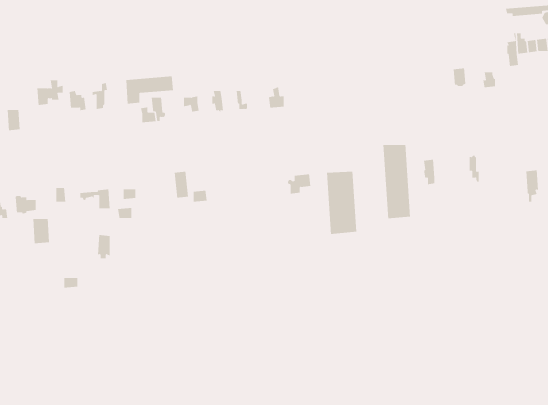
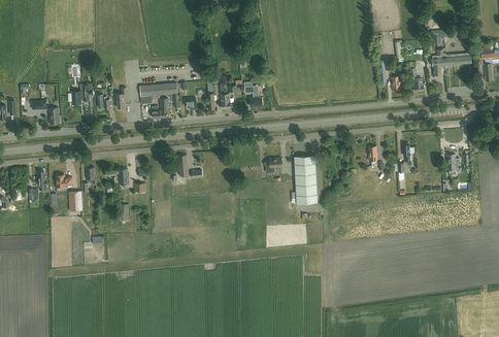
building: [383,144,410,219] -> none

